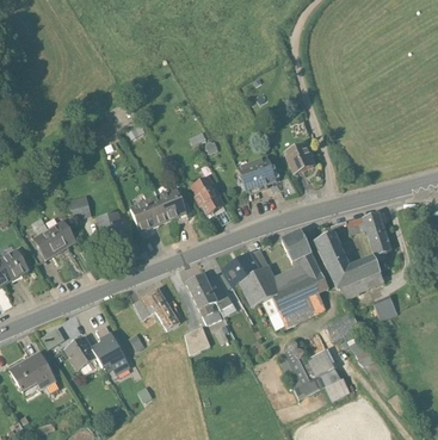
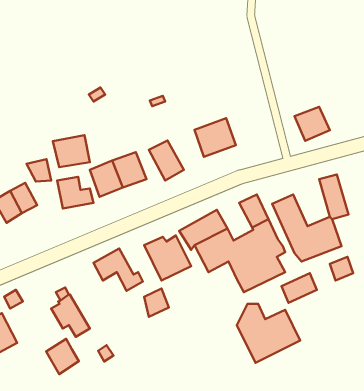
building: [283,140,319,174] -> [295,107,330,141]
building: none -> [53,135,90,167]
building: [64,335,98,371] -> [46,339,79,374]

